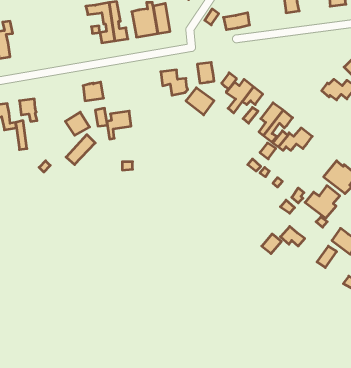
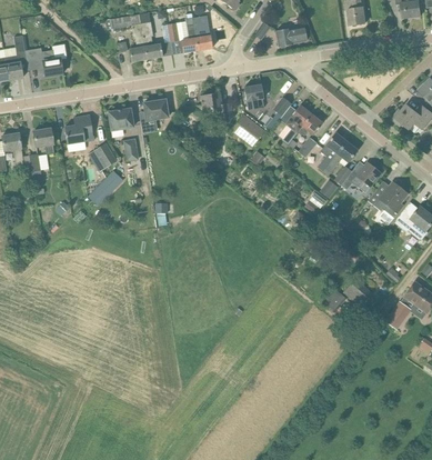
building: none -> [42,43,67,76]
building: none -> [64,114,93,143]
building: [107,111,131,139] -> [139,99,168,132]
building: [305,186,340,218] -> [366,181,408,220]

